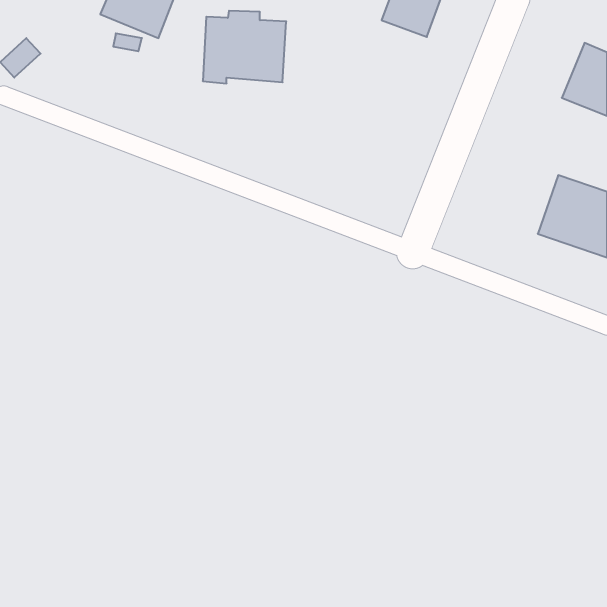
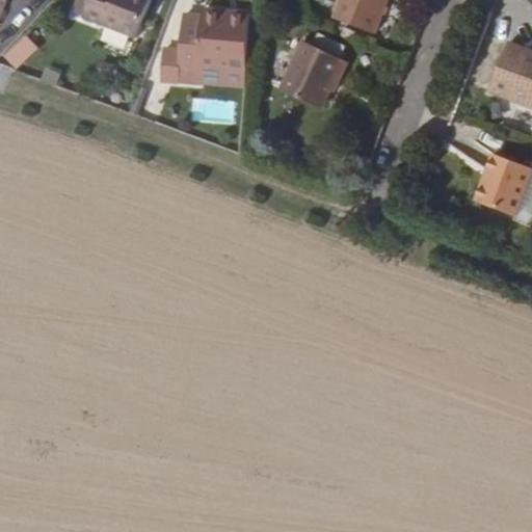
building: none -> [281,43,347,111]

